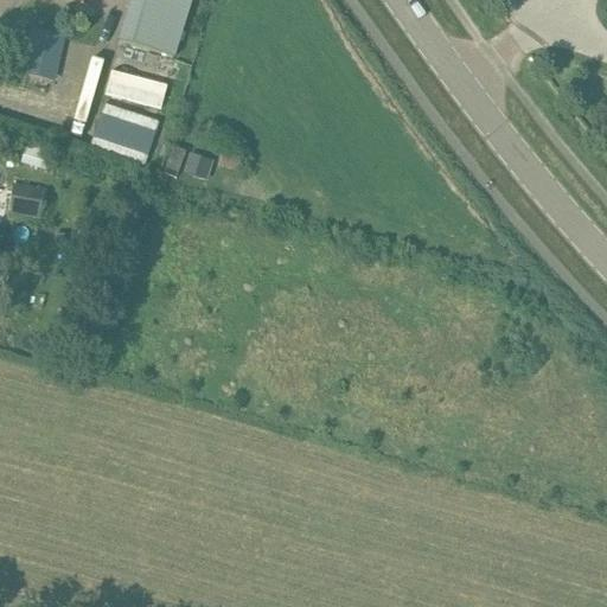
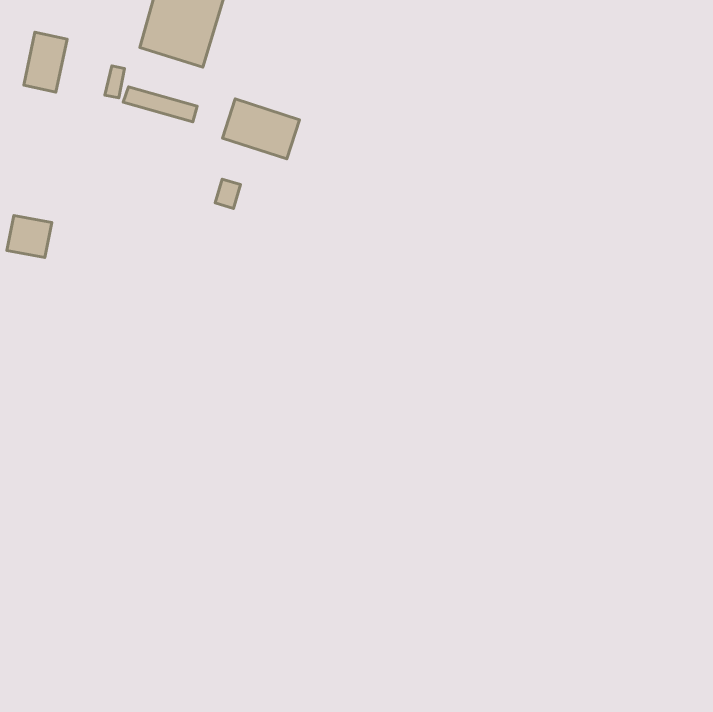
building: [92,101,158,152] -> [223,99,300,159]

